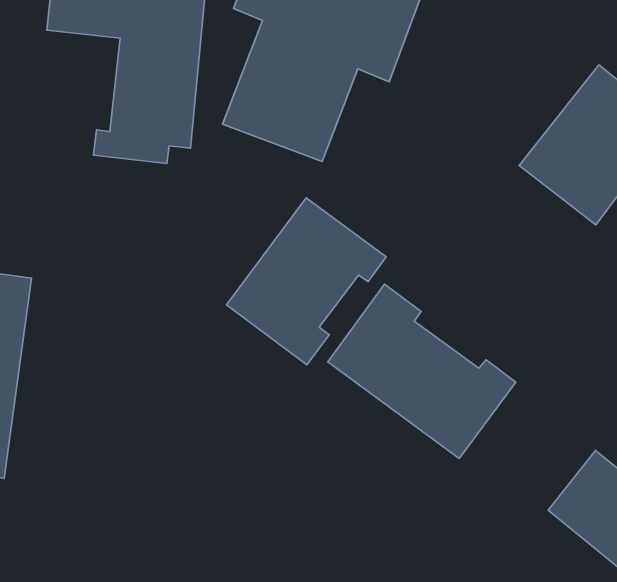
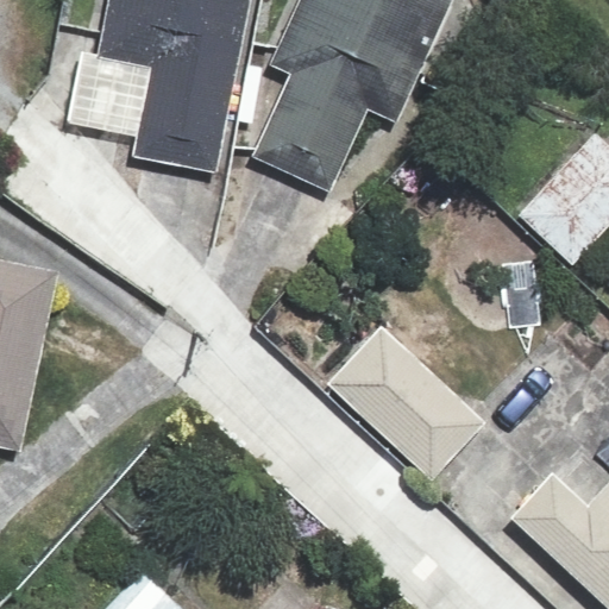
building: [227,198,386,365] -> none

